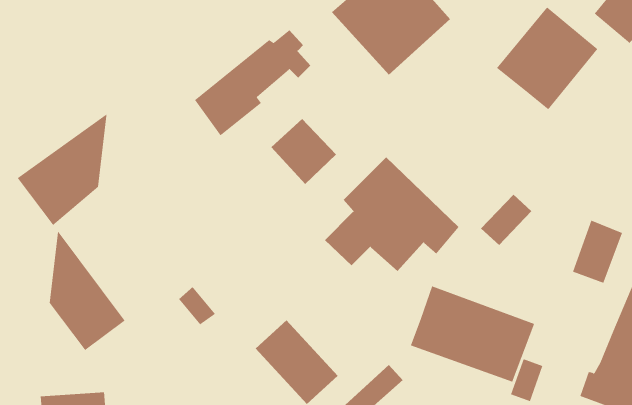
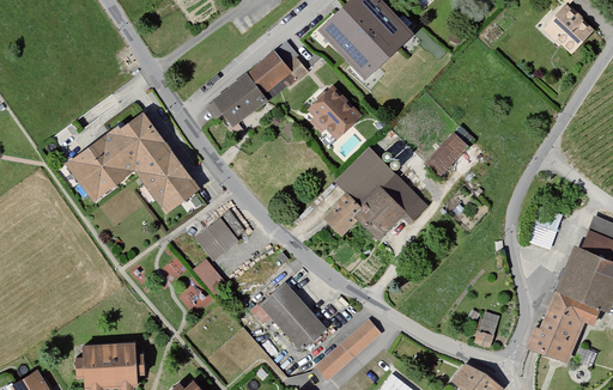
building: [496,6,598,110] -> none
building: [270,118,337,185] -> [305,86,360,141]
building: [480,194,532,246] -> [423,136,466,179]
building: [49,230,125,351] -> [129,111,193,212]
building: none -> [198,208,250,258]
building: [410,285,535,383] -> none

